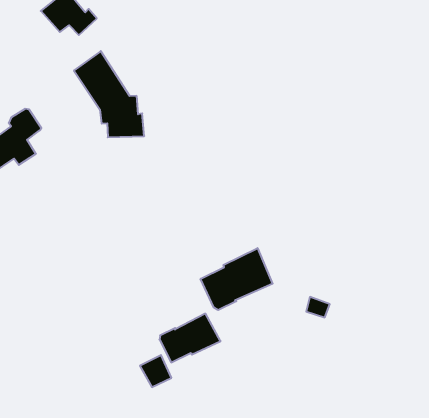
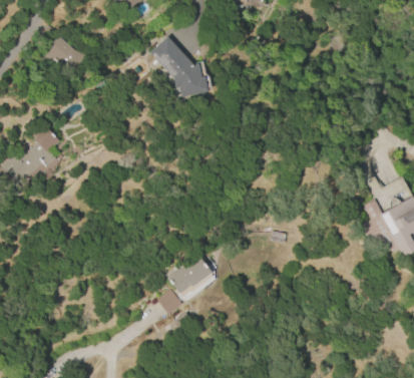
building: [74,51,144,137] -> [150,35,209,96]
building: [201,248,273,310] -> none

